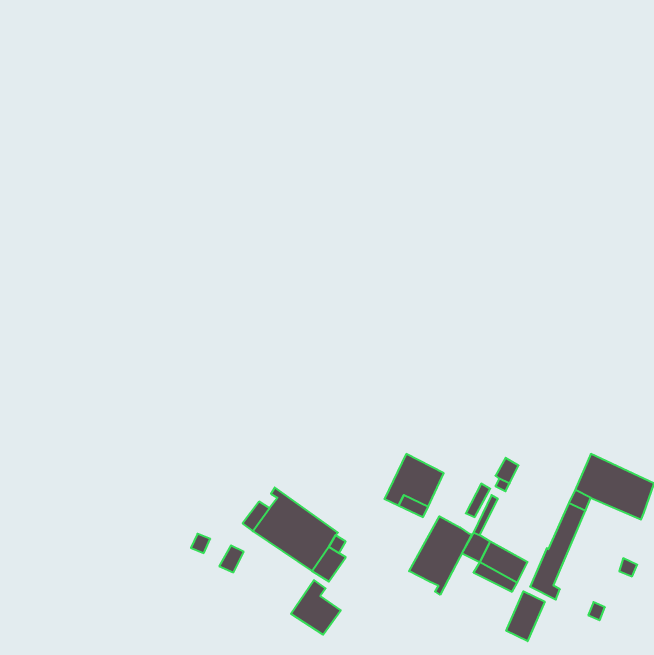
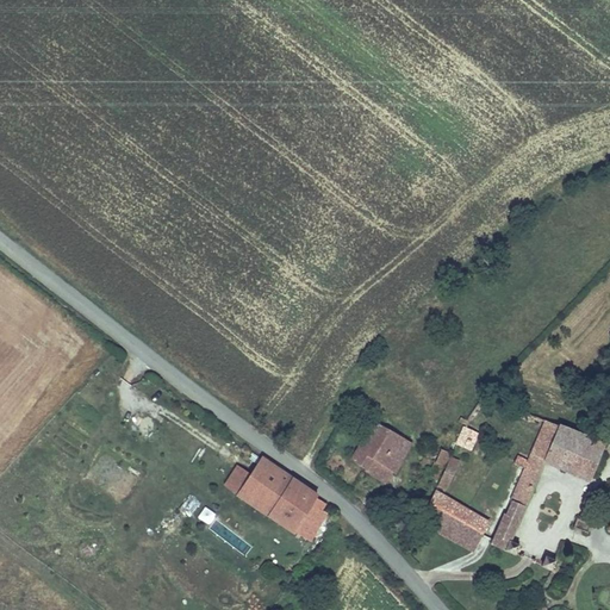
building: [409,516,472,595] -> none
building: [291,580,341,635] -> none
building: [506,591,545,641] -> none

